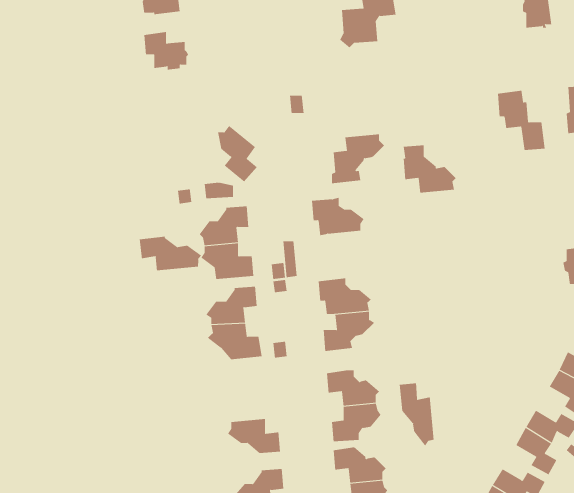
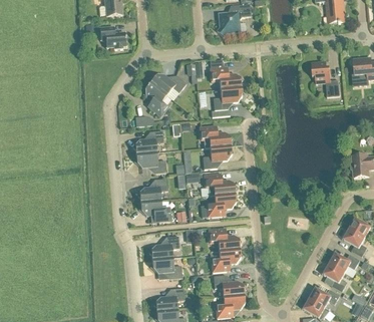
building: none -> [150,73,185,99]
building: [403,145,456,193] -> [210,59,242,88]
building: none -> [203,144,233,169]
building: [139,236,202,271] -> none
building: none -> [148,235,179,259]
building: [399,382,434,446] -> none

